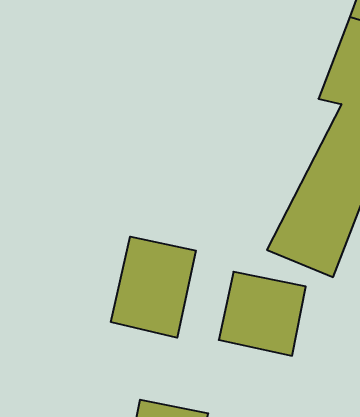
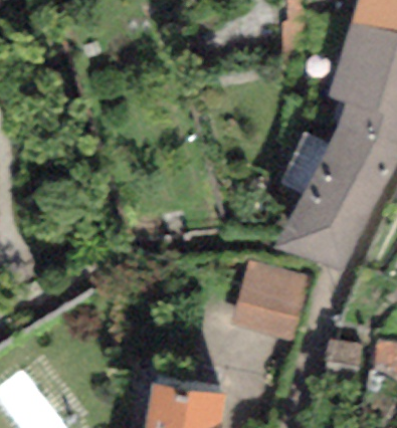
building: [111,237,196,338] -> none

